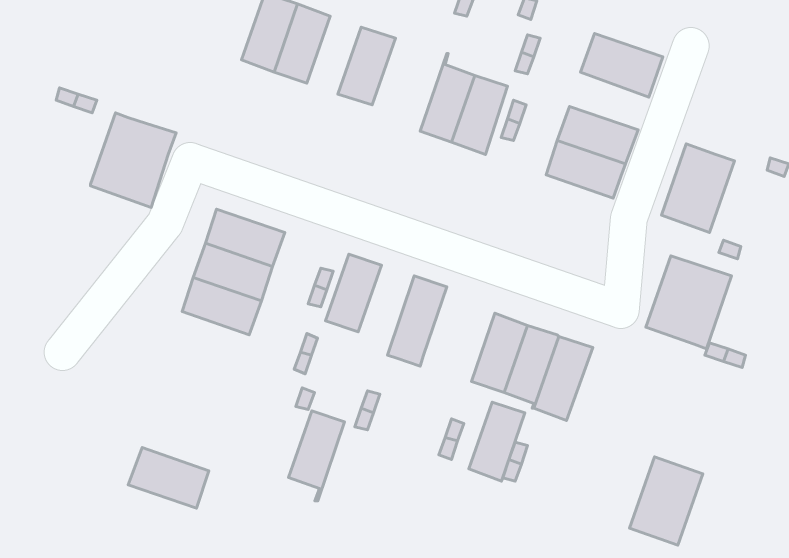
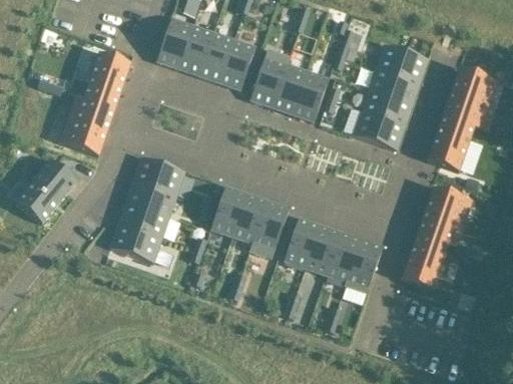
building: none -> [198,33,233,83]
building: none -> [249,49,289,107]
building: none -> [71,52,130,108]
building: none -> [443,68,498,131]
building: none -> [368,69,419,106]
building: none -> [16,160,76,224]
building: [469,402,525,481] -> [284,218,320,269]
building: [288,411,344,501] -> [231,194,268,252]
building: [128,448,209,508] -> [109,224,161,263]
building: [630,457,703,545] -> [401,234,448,291]

